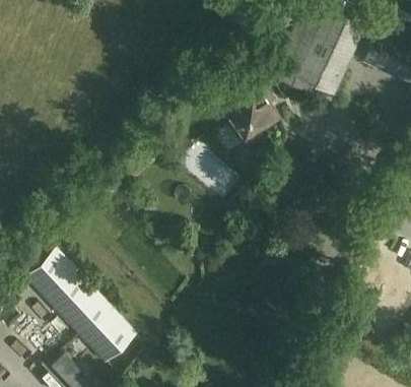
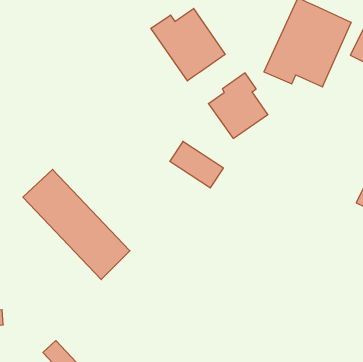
building: none -> [151,8,225,81]
building: [27,252,137,365] -> [23,169,130,280]

